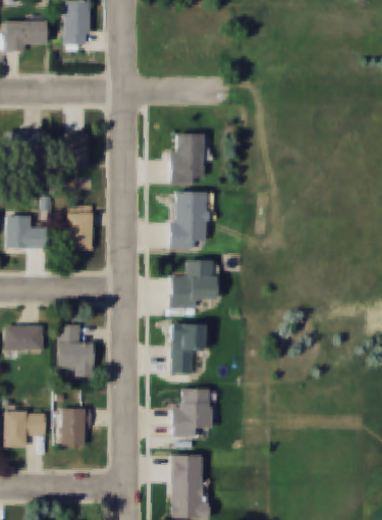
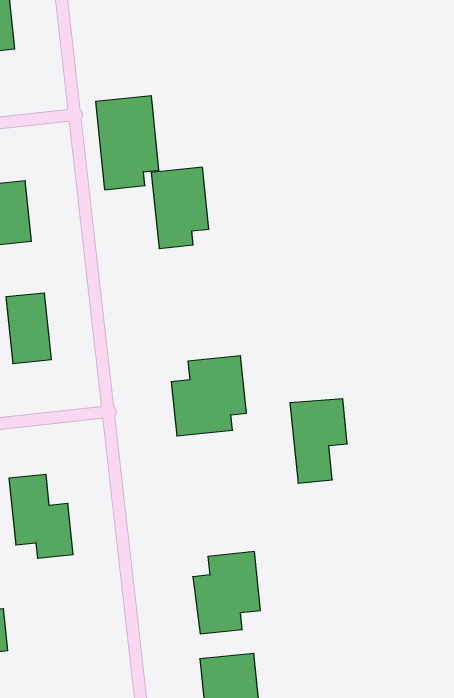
building: [170,192,207,250] -> [96,96,159,190]
building: [169,323,204,376] -> [290,399,347,483]
building: [59,408,91,446] -> none

